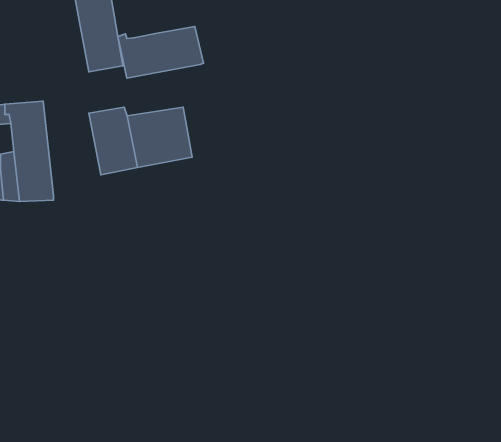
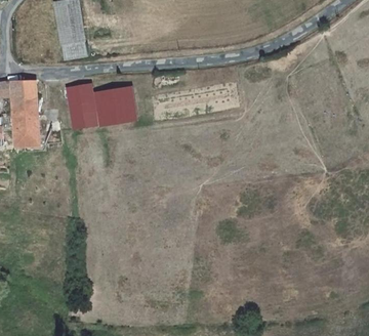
building: [118,27,203,78] -> none

